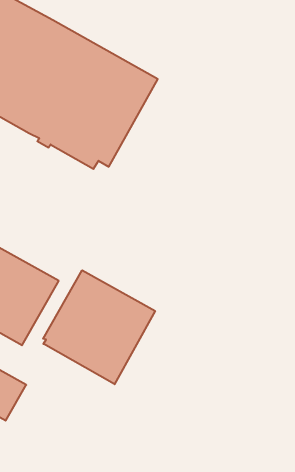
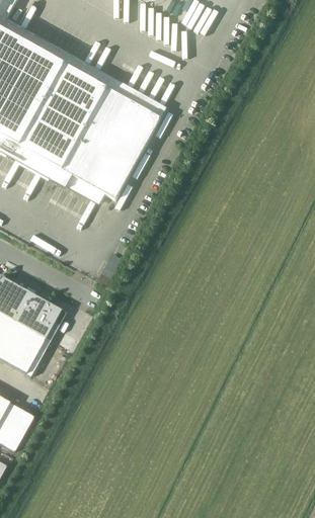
building: [43,270,155,384] -> none

